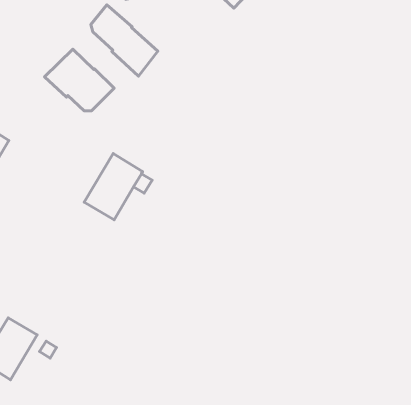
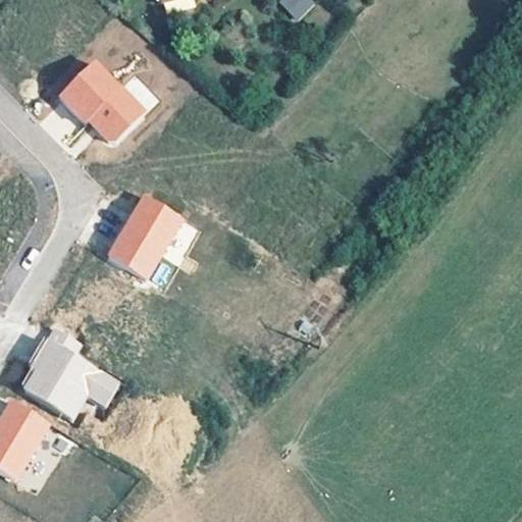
building: [91,5,158,76] -> none
building: none -> [30,325,126,422]

